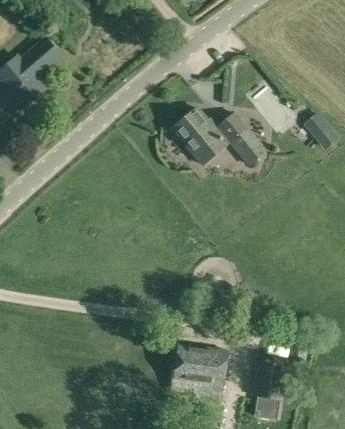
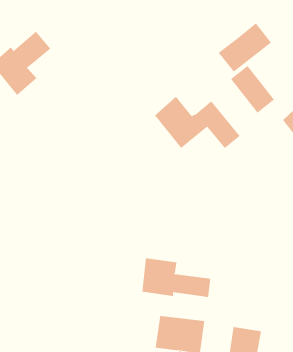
building: none -> [218,22,272,72]
building: none -> [142,257,211,298]

